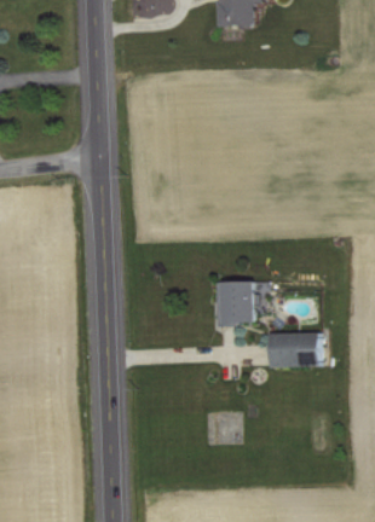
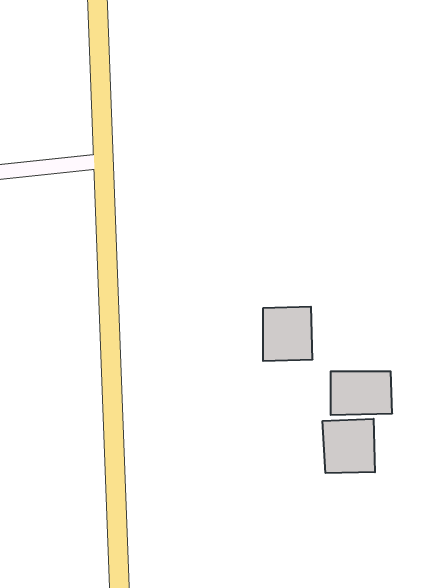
building: none -> [323,419,375,473]

